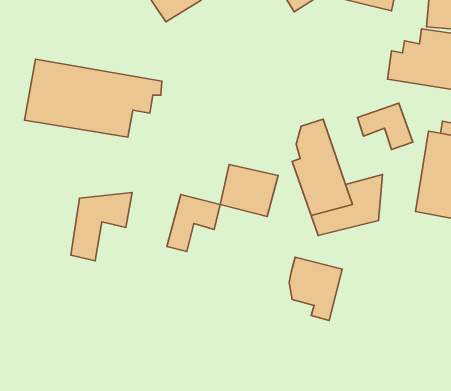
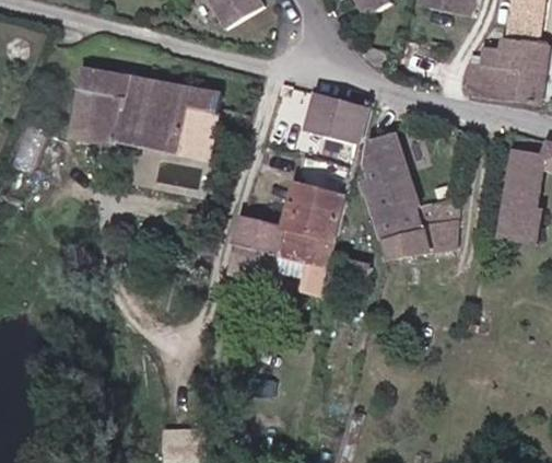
building: none -> [306,92,368,142]
building: [357,103,413,149] -> none
building: [71,192,132,261] -> none
building: [289,257,342,320] -> [277,227,334,296]

